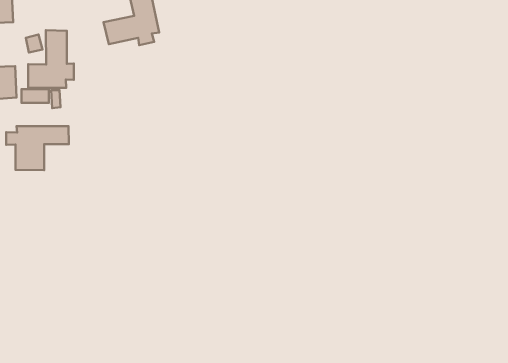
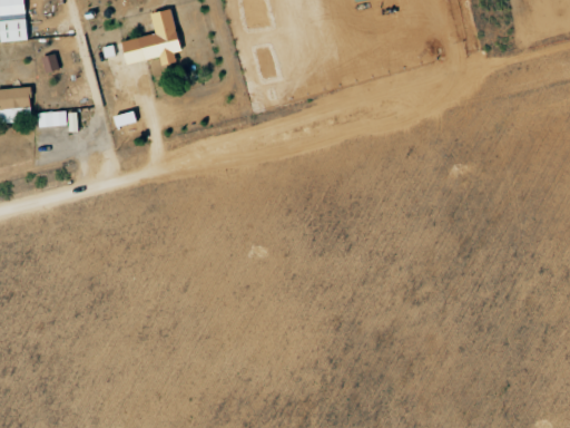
building: [28,30,74,88] -> none
building: [6,126,69,170] -> none

